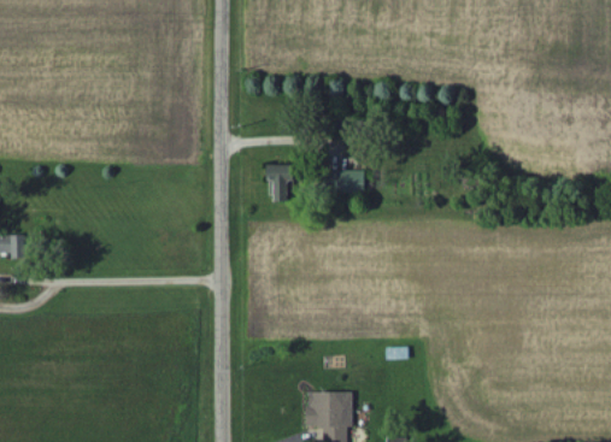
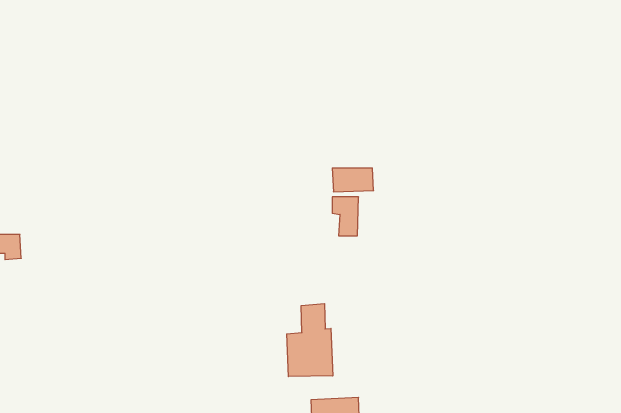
building: [268,164,293,201] -> [332,197,359,236]
building: none -> [287,304,333,377]

